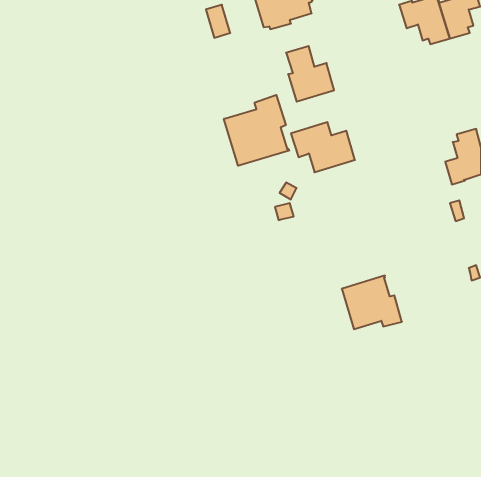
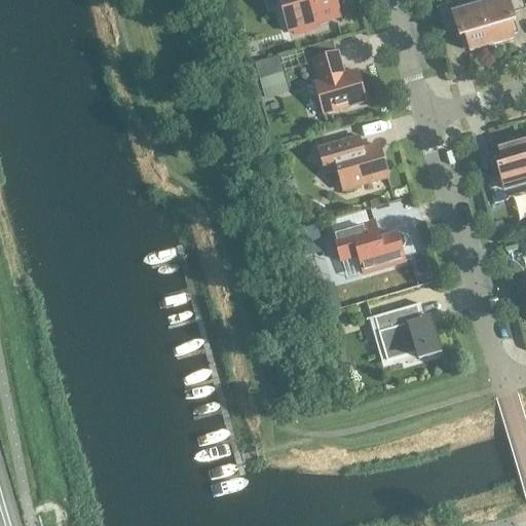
building: [206,5,230,38] -> [258,58,285,93]
building: [224,95,289,166] -> none
building: none -> [332,219,406,271]

